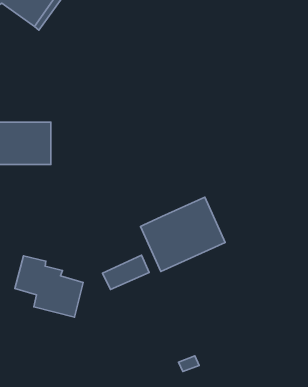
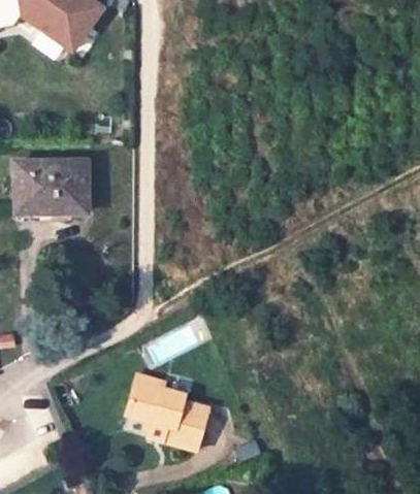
building: [140,197,225,271] -> none
building: [15,256,83,317] -> [127,376,208,450]

